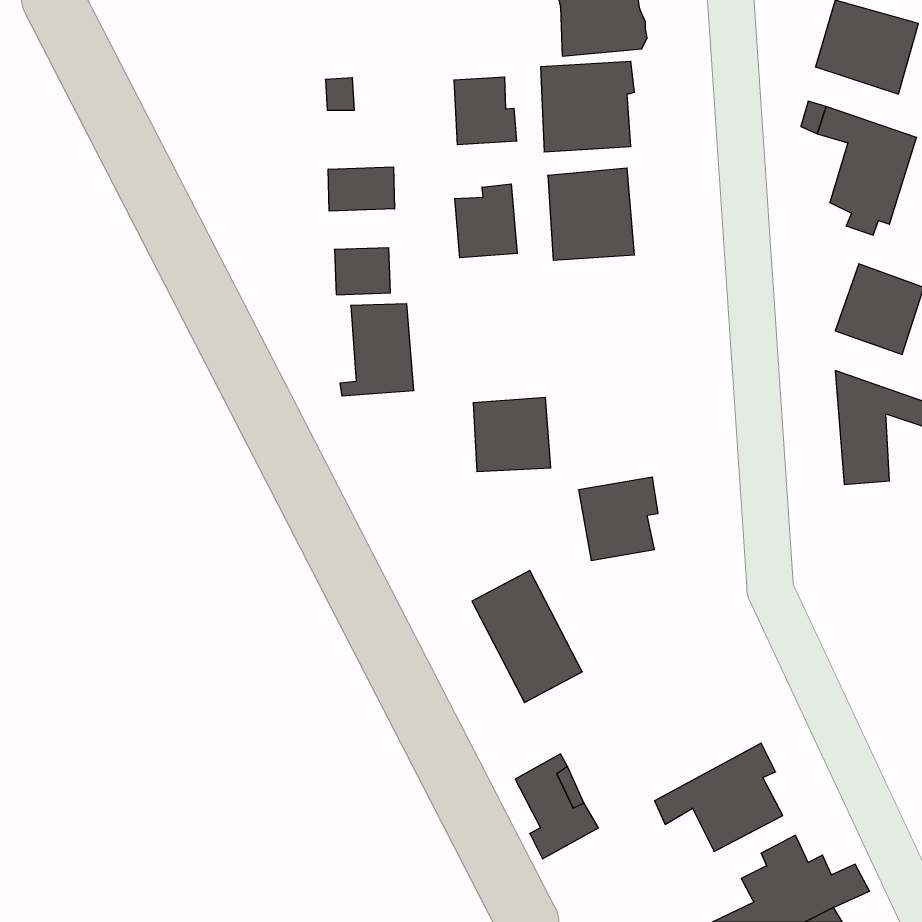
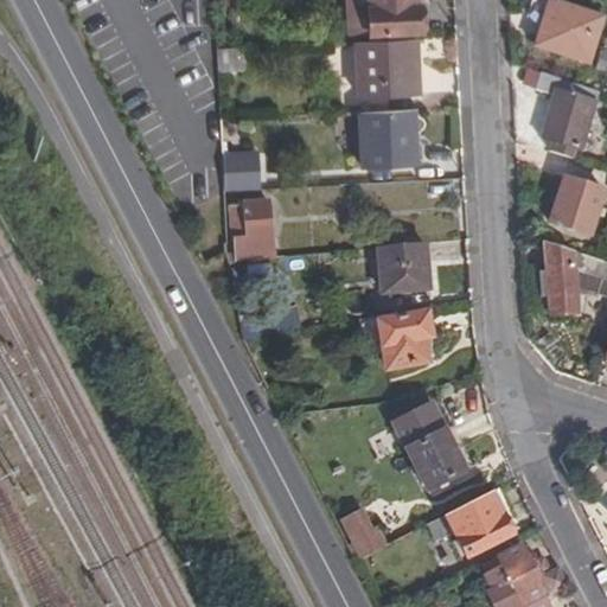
building: [454,77,517,145] -> none
building: [328,167,395,211] -> none
building: [455,184,517,258] -> none
building: [473,397,551,472] -> [377,243,428,292]
building: [472,571,582,703] -> [392,404,465,491]

